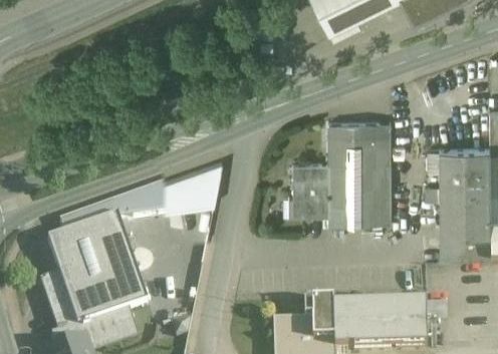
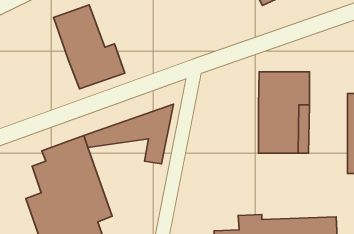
building: none -> [54,5,125,89]
building: [293,161,329,214] -> none

